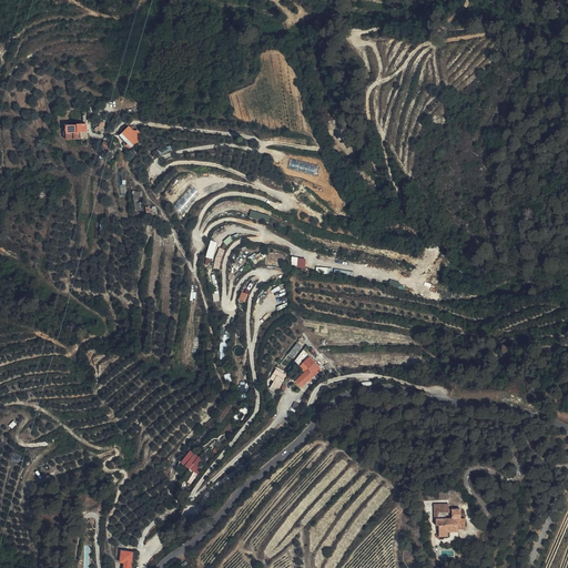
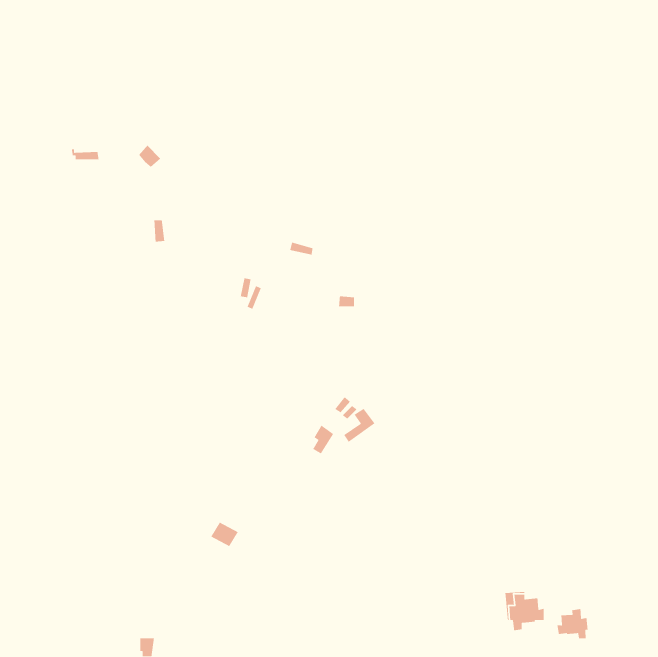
building: none -> [556,608,588,639]

